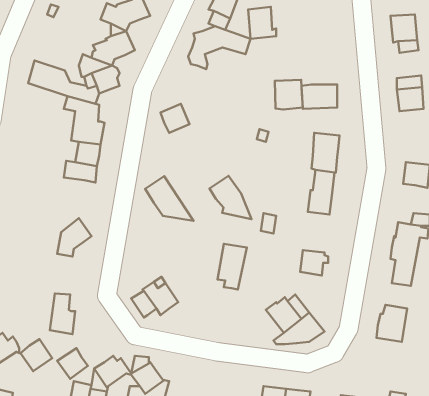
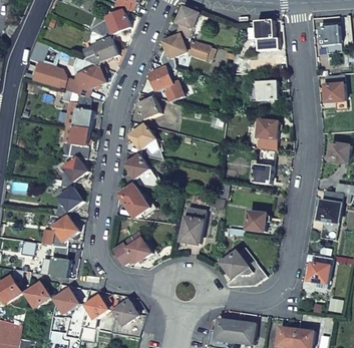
building: [248,7,276,39] -> [255,20,277,45]
building: none -> [148,66,183,100]
building: [275,80,303,109] -> none
building: [209,176,251,219] -> [129,124,162,158]
building: none -> [50,156,86,187]
building: none -> [119,184,149,217]
building: none -> [41,217,78,247]

